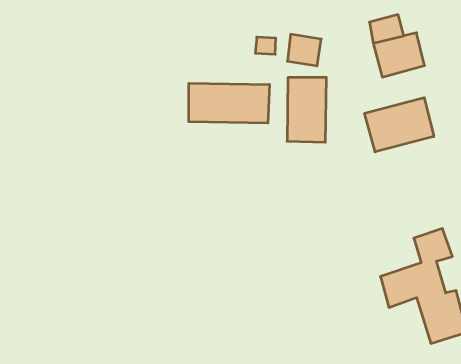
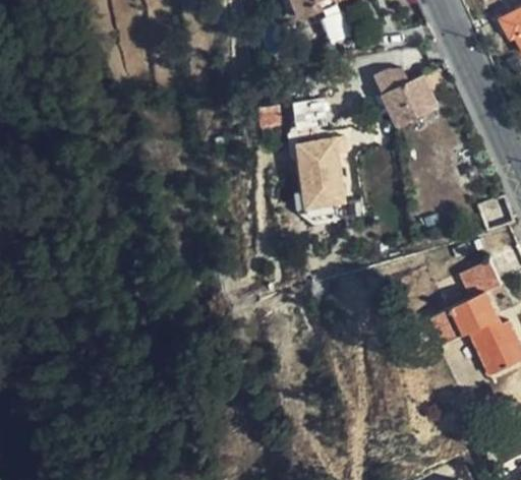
building: [189,83,269,123] -> none
building: [365,98,434,152] -> none

